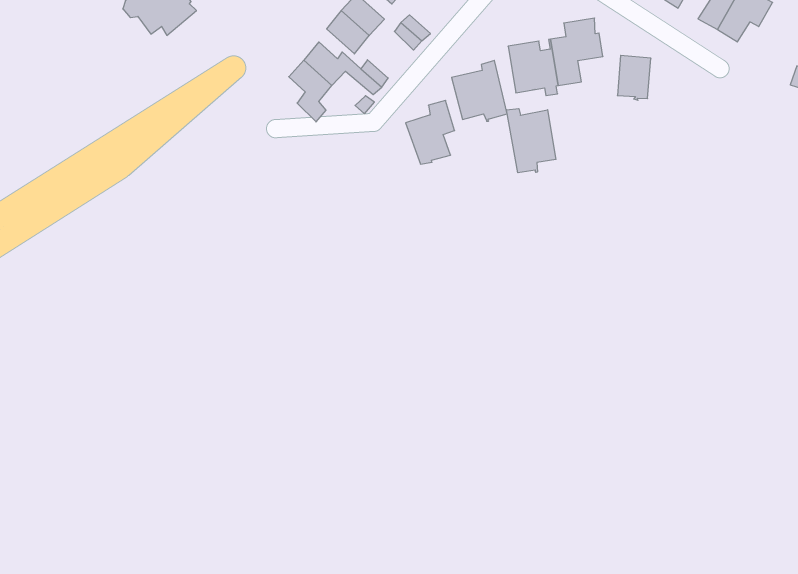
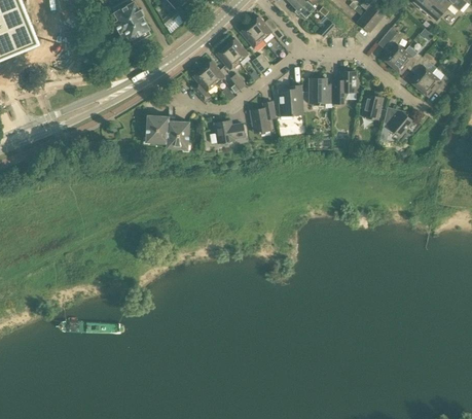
building: none -> [384,106,413,135]
building: [507,109,556,173] -> none
building: none -> [210,119,245,143]
building: none -> [146,114,189,148]

